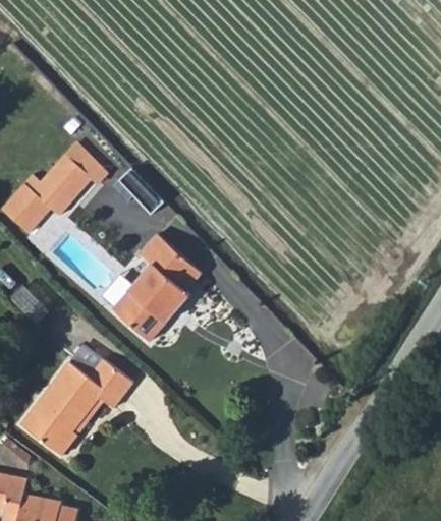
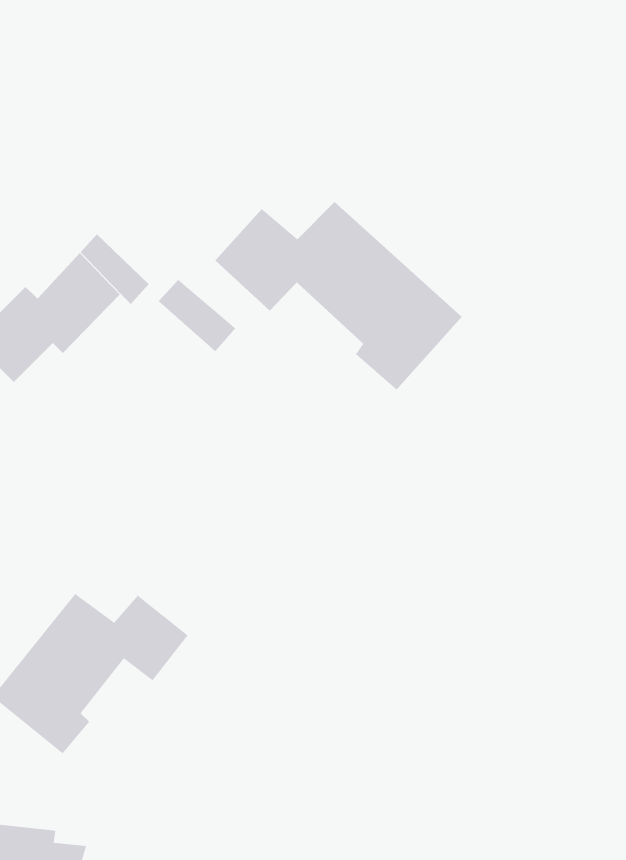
building: none -> [215,201,462,390]
building: [116,234,204,337] -> none

